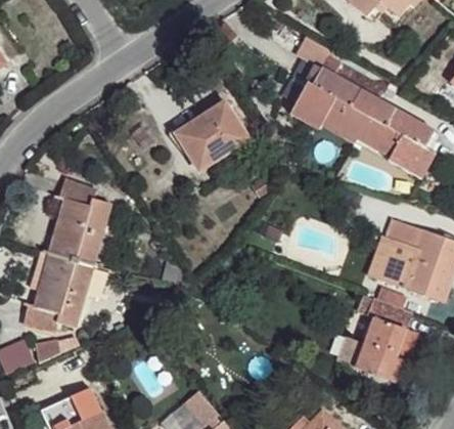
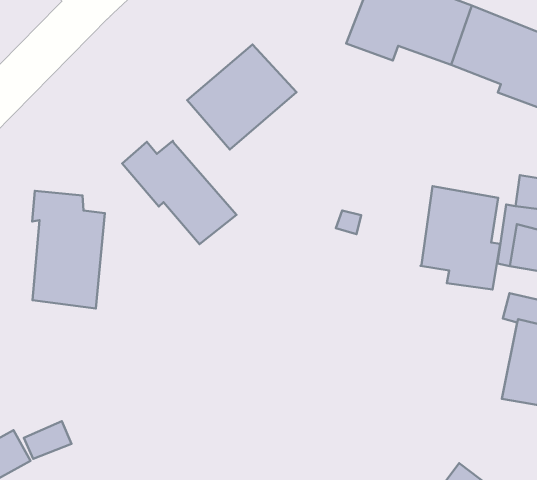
building: none -> [122,141,237,244]
building: none -> [420,186,500,290]
building: [24,252,92,330] -> none

